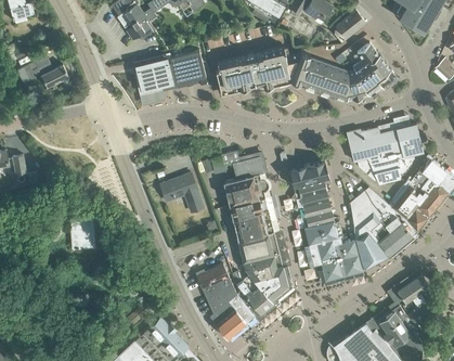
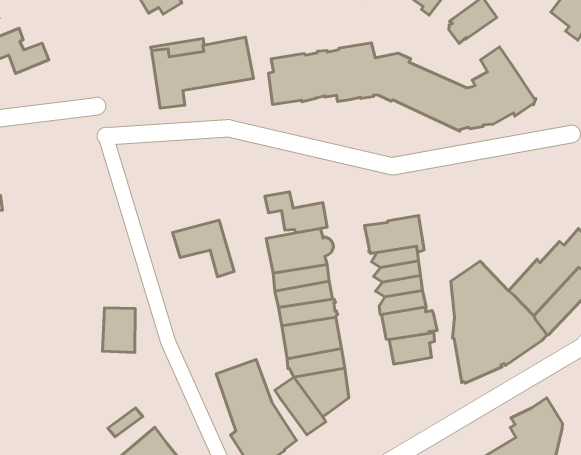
building: [346,119,423,183] -> none
building: [72,218,94,248] -> [102,308,135,352]
building: [320,240,362,280] -> none

